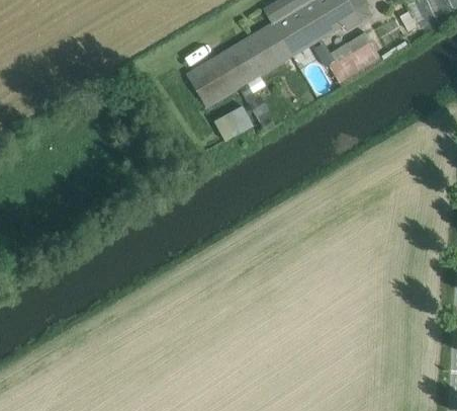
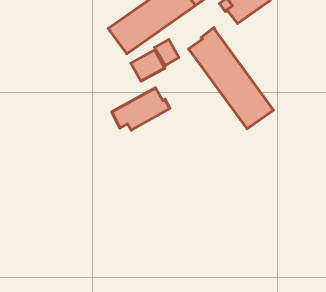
building: none -> [189,27,273,129]
building: none -> [112,88,170,130]

